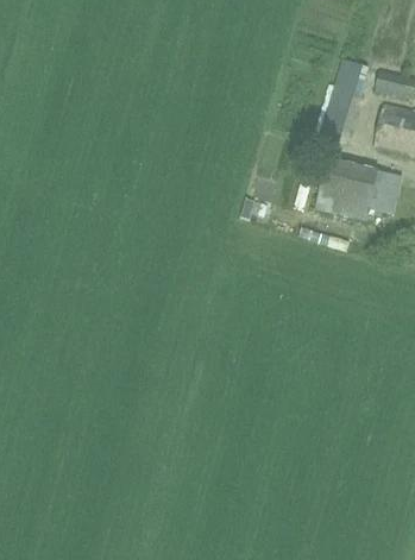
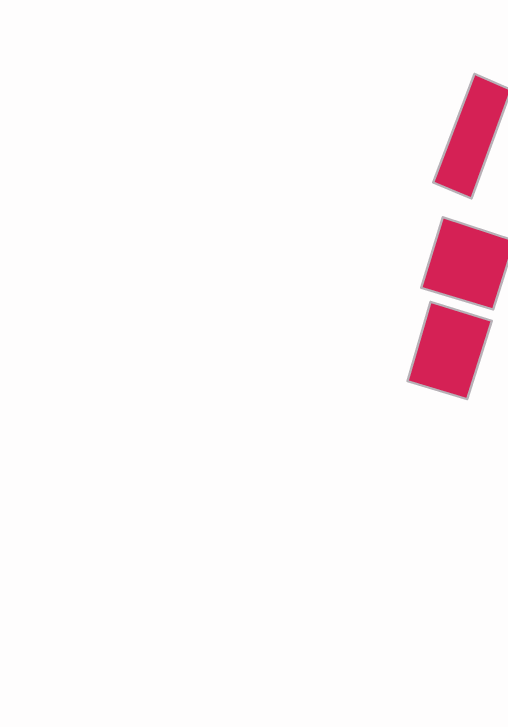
building: none -> [407,302,492,399]

